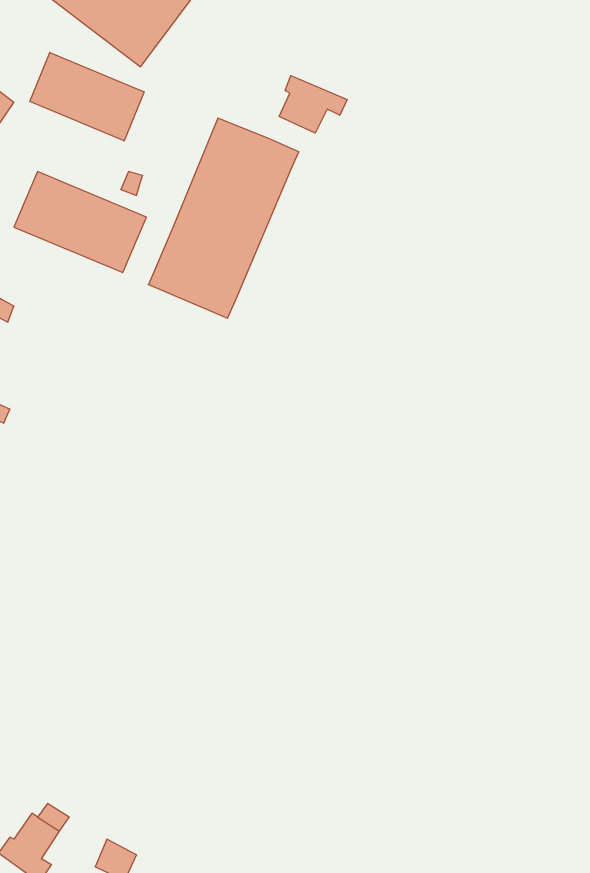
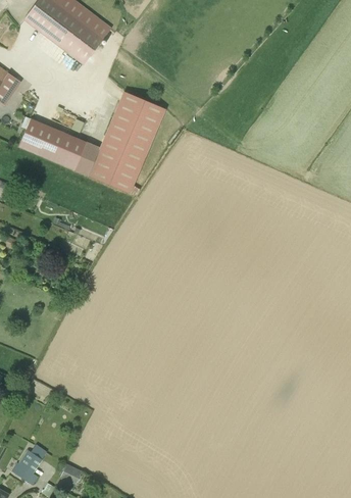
building: [30,52,144,141] -> none
building: [279,76,347,133] -> none

